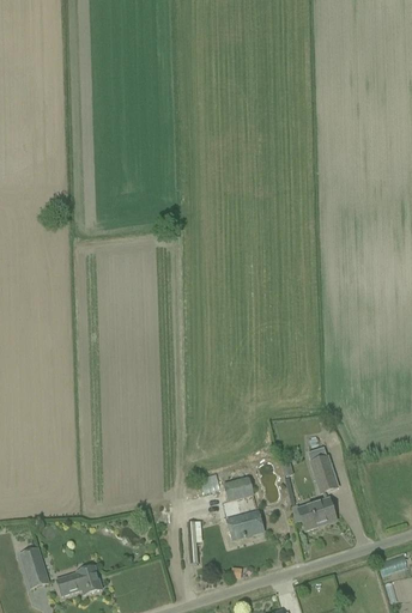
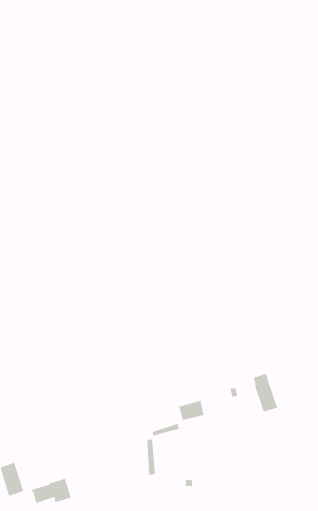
building: [286,486,334,528] -> none
building: [226,510,263,538] -> none

